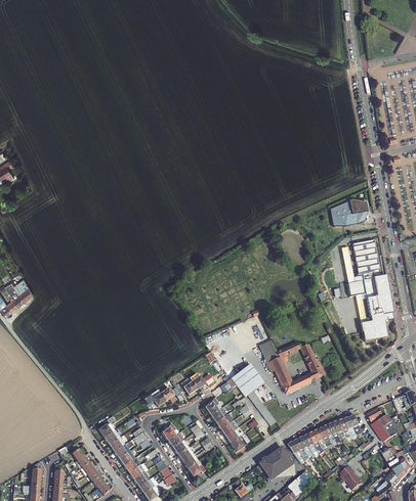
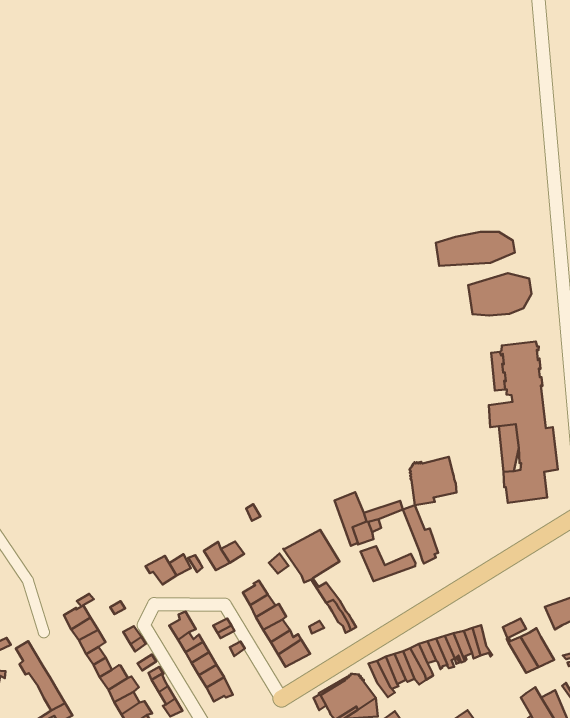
building: none -> [436,232,515,266]
building: none -> [410,457,457,505]

